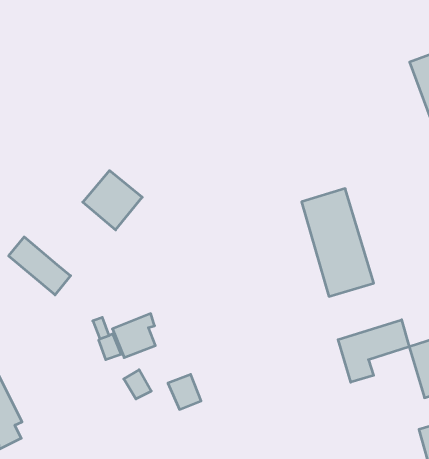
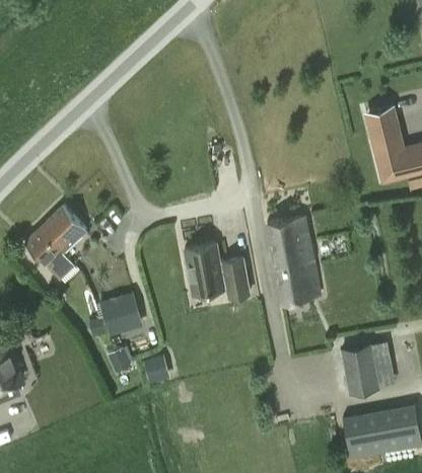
building: [83,171,142,230] -> [40,206,88,254]
building: none -> [185,244,250,298]
building: [338,320,409,382] -> none

